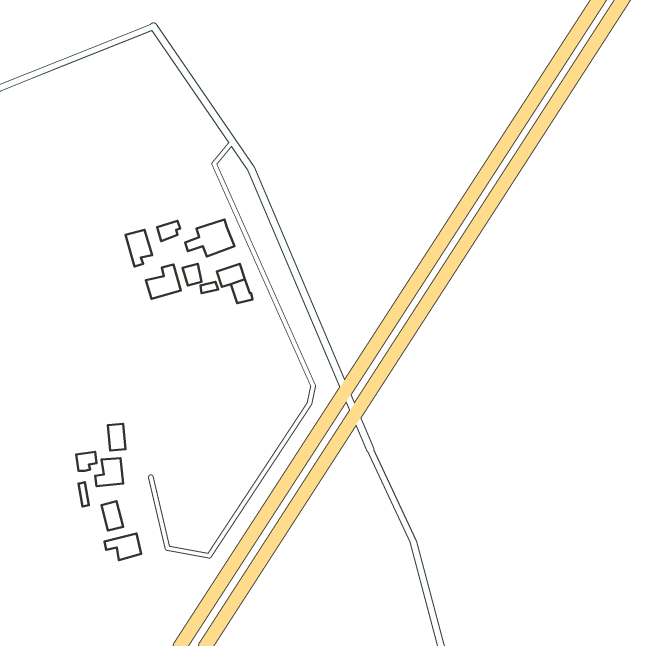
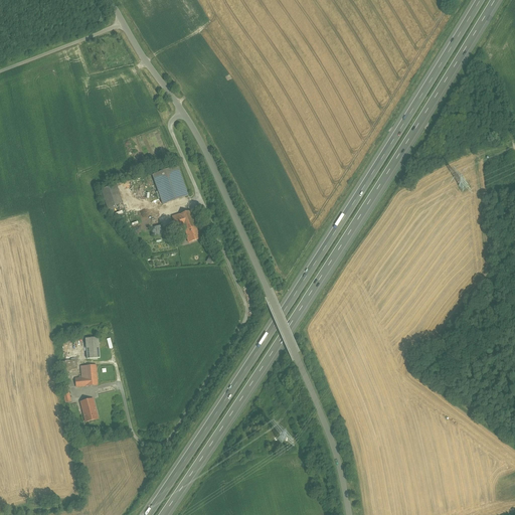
building: [146,264,181,299] -> none
building: [105,534,141,560] -> none

